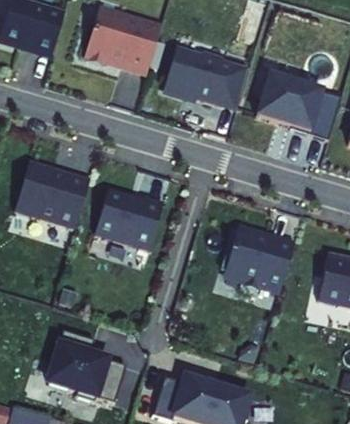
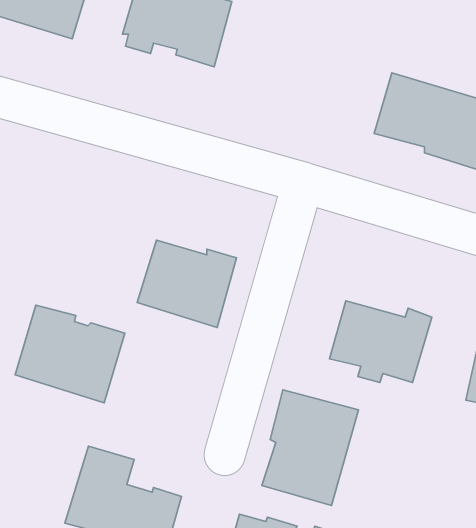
building: [164,47,248,105] -> none
building: [15,161,89,227] -> [15,305,125,403]
building: none -> [262,390,358,505]

